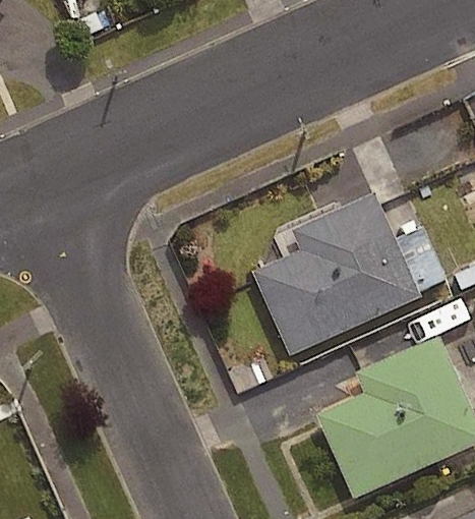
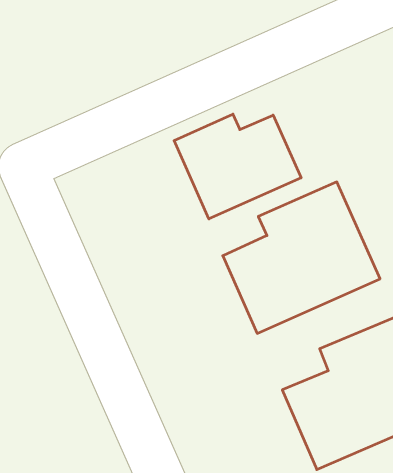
building: none -> [174,114,301,219]

